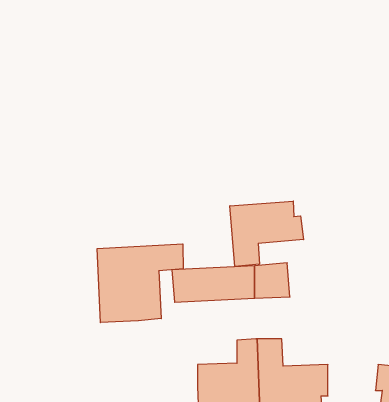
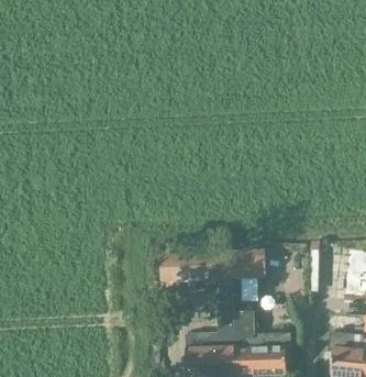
building: [230,201,304,267] -> none
building: [97,244,183,323] -> none

